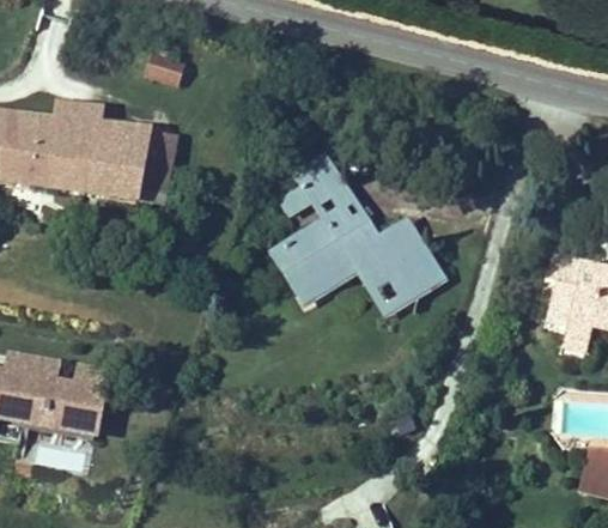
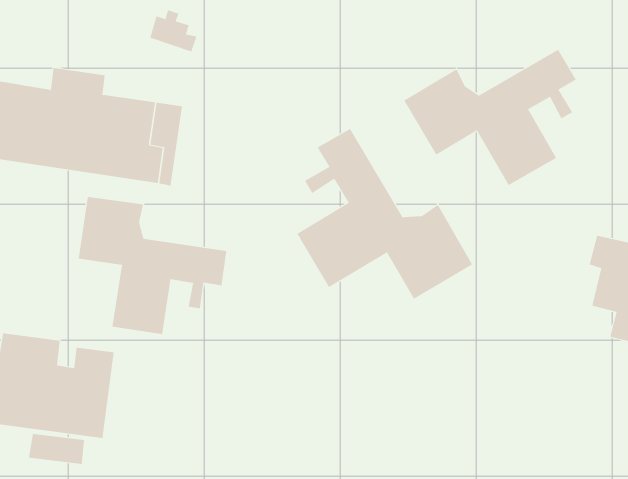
building: none -> [404,49,577,186]
building: none -> [78,196,227,335]

